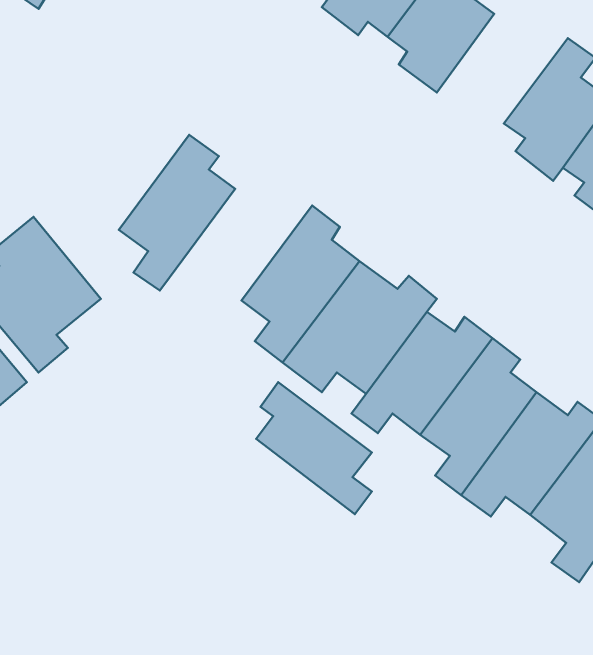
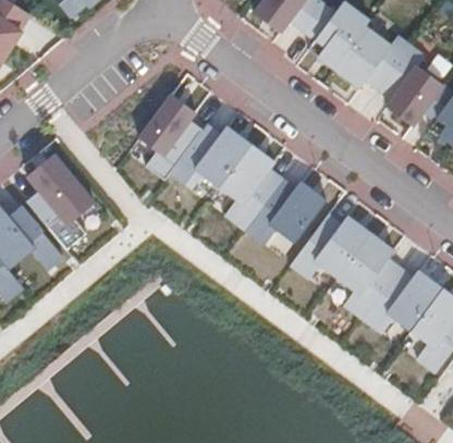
building: none -> [333,11,420,84]
building: none -> [156,119,250,201]
building: [256,382,372,514] -> none

